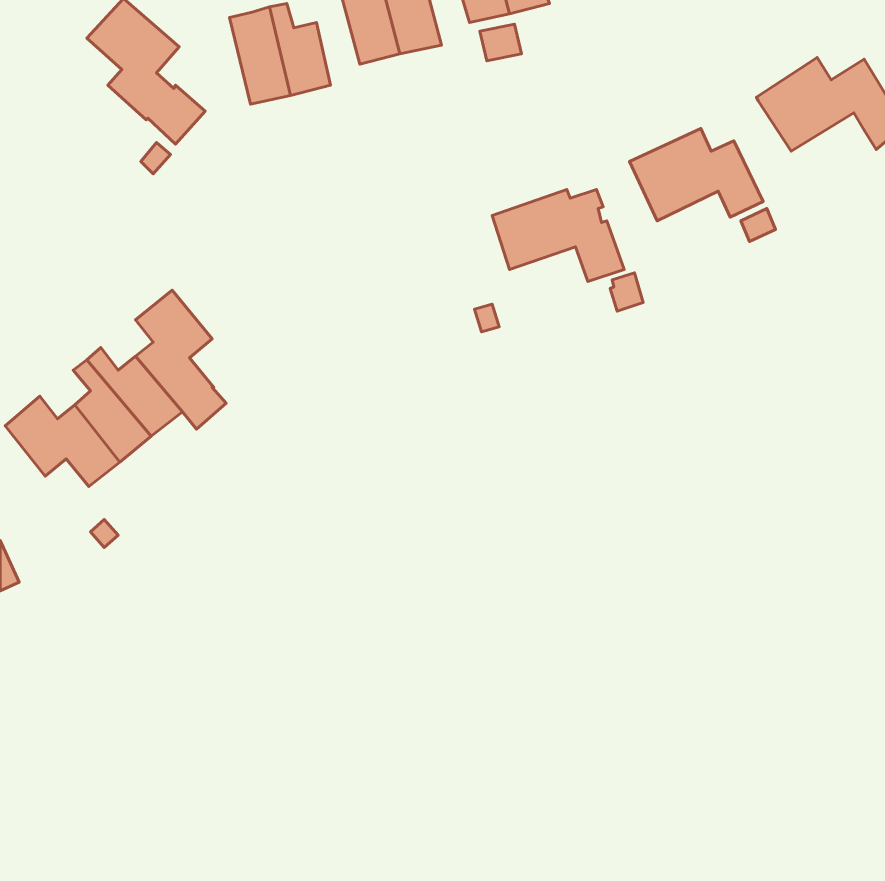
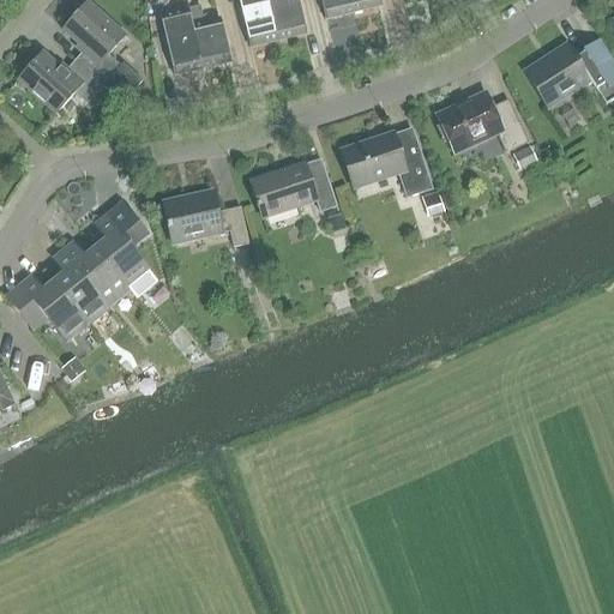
building: none -> [18,49,103,112]
building: none -> [251,156,337,215]
building: none -> [163,189,249,245]

